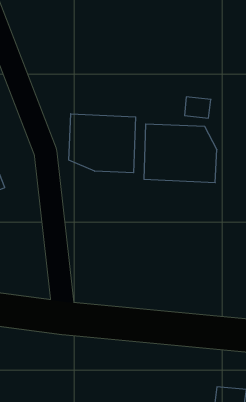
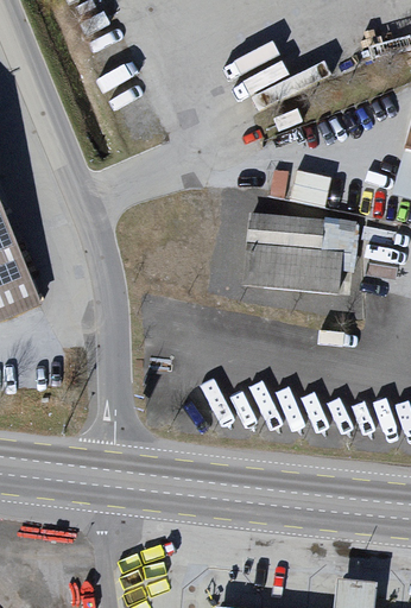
building: [69,114,136,173] -> none

